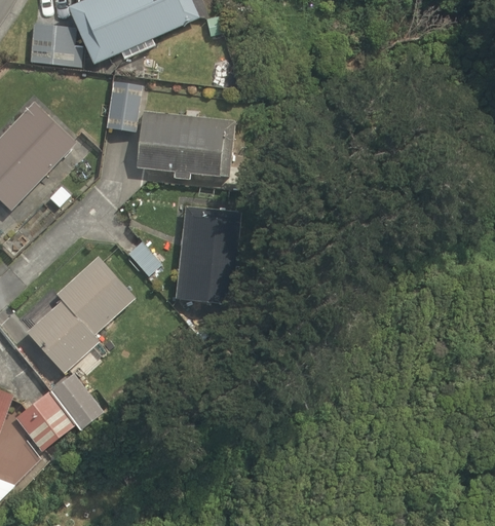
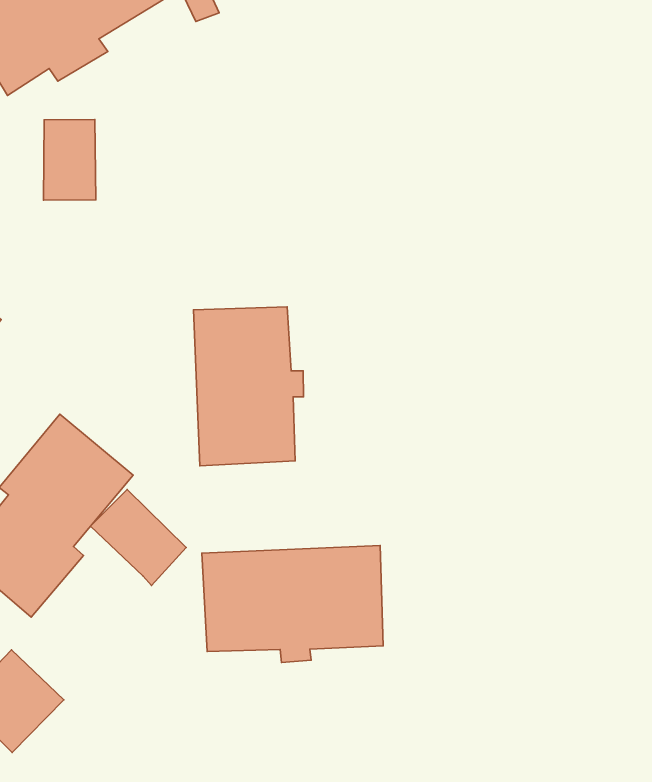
building: [136,110,235,179] -> none
building: none -> [202,546,383,662]
building: [49,372,104,430] -> [91,490,186,586]

